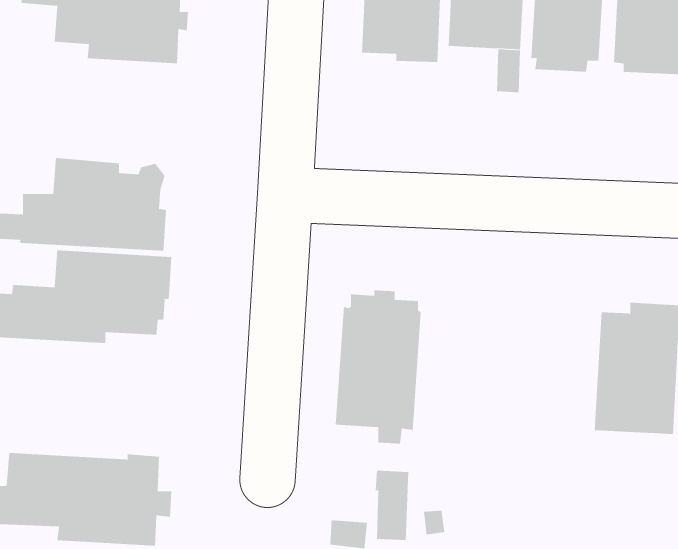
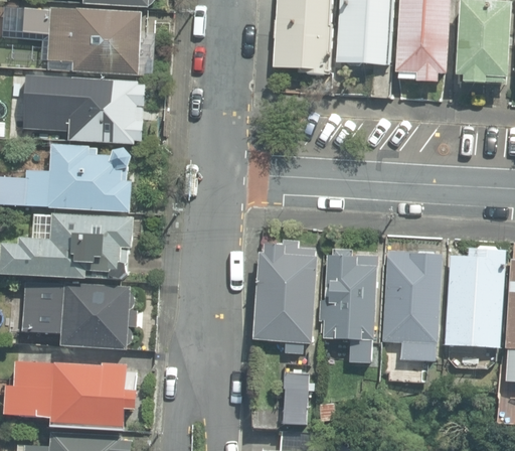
building: none -> [20,77,144,145]
building: none -> [319,249,377,354]
building: none -> [381,251,441,360]
building: none -> [18,282,135,350]

